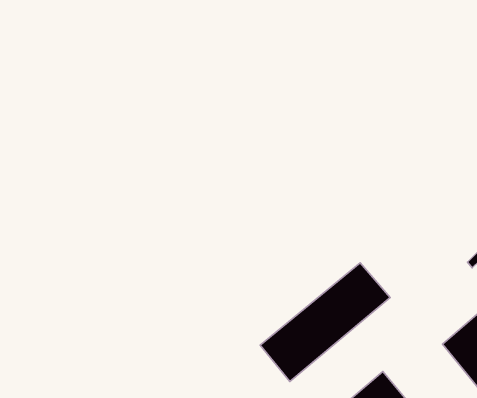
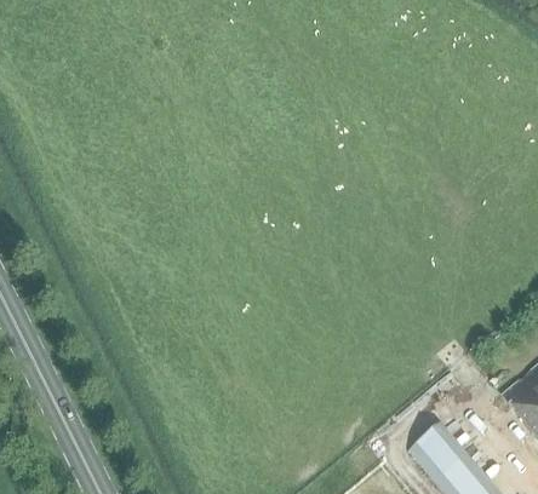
building: [260,263,390,382] -> none

